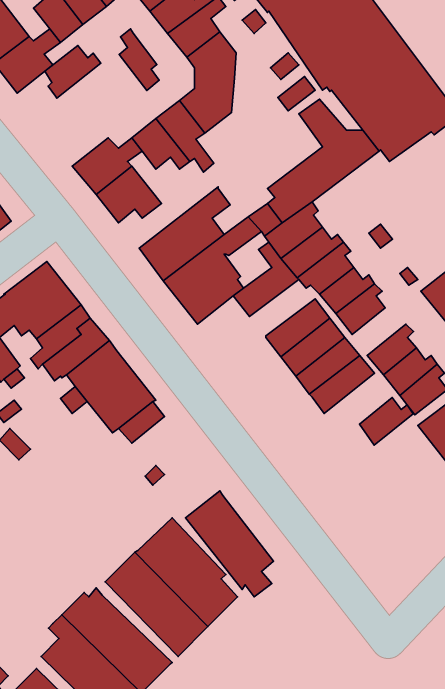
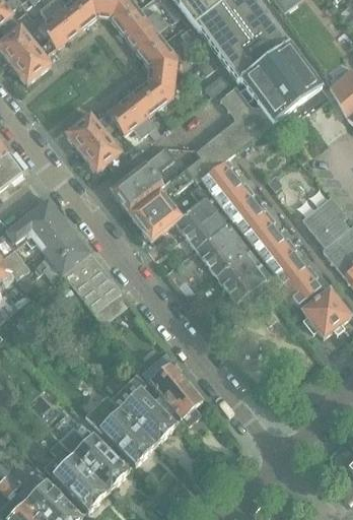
building: [119,29,159,91] -> none
building: [45,45,101,98] -> none
building: none -> [186,210,230,250]
building: [359,397,413,445] -> [256,230,292,262]

